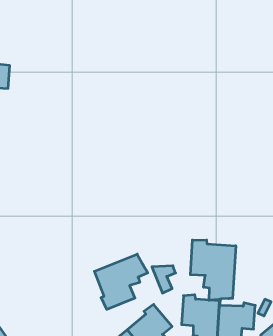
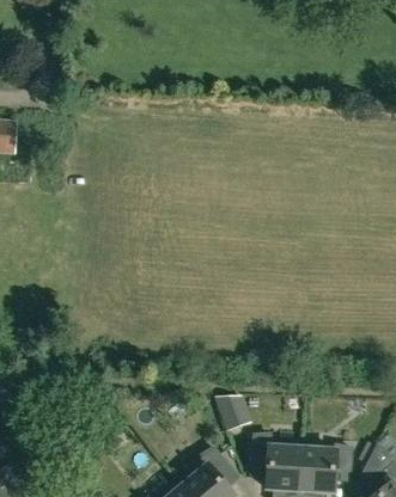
building: [190,240,236,300] -> none
building: [94,254,148,309] -> none

